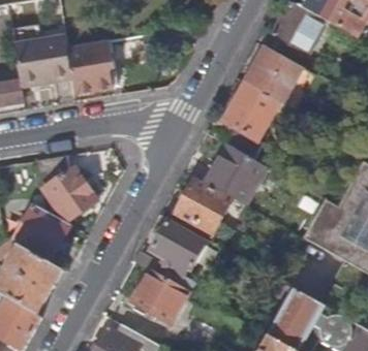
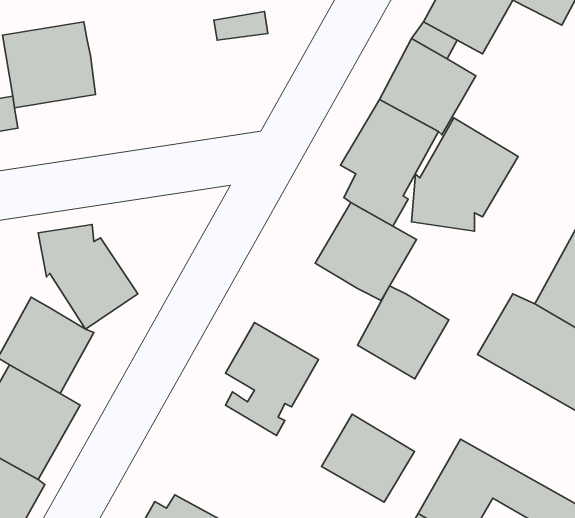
building: [68,40,114,93] -> none
building: none -> [411,118,518,231]
building: [176,178,232,234] -> [358,286,449,379]
building: [132,269,189,323] -> [322,414,415,502]

